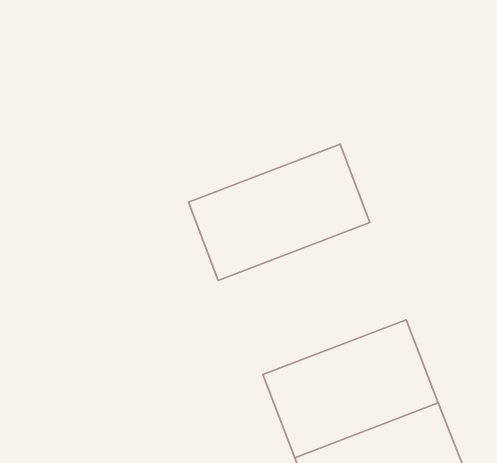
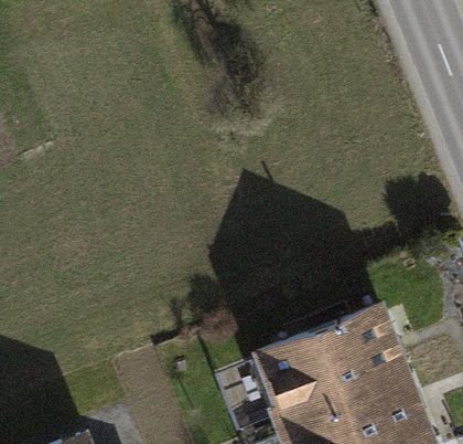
building: [188,144,370,281] -> none

